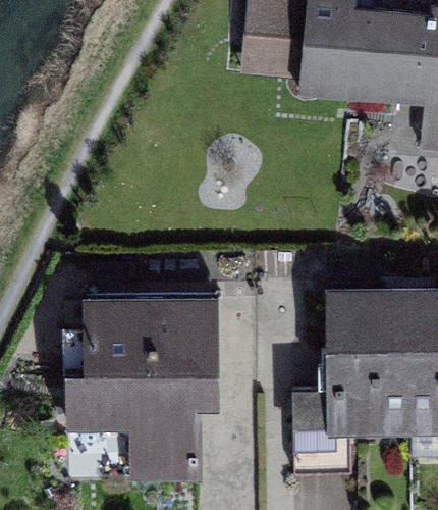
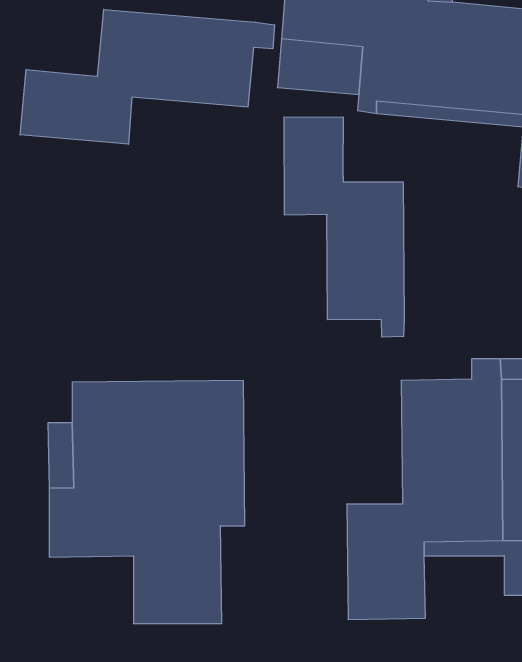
building: none -> [20,9,274,144]
building: none -> [284,117,404,337]

